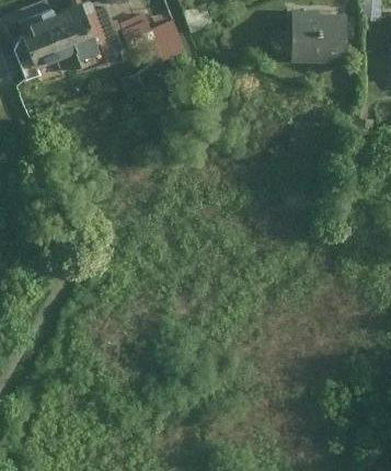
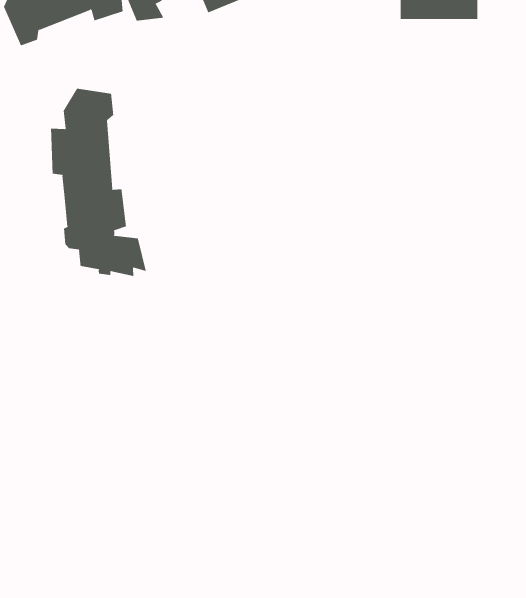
building: none -> [50,88,147,277]

